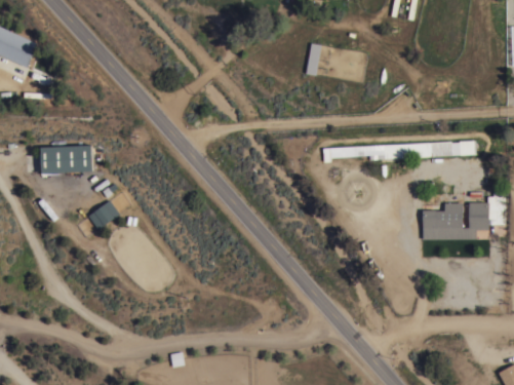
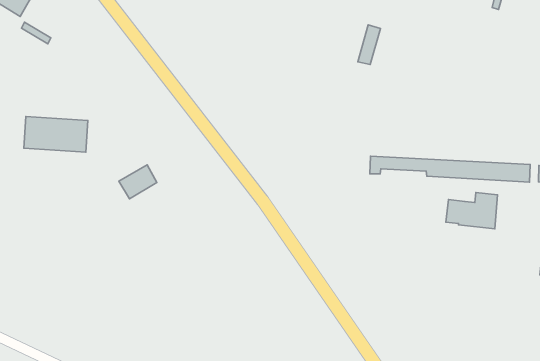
building: [89,200,120,229] -> [119,165,157,199]
building: [424,202,464,230] -> [446,192,497,229]

